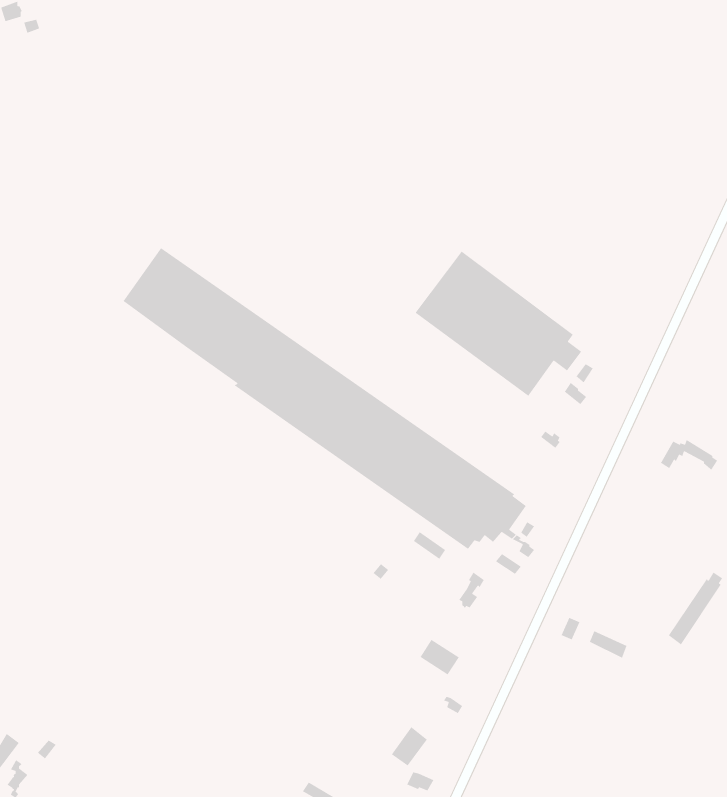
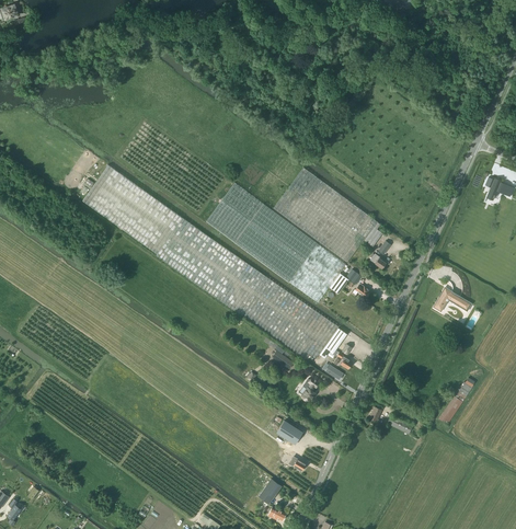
building: none -> [206,183,362,302]

